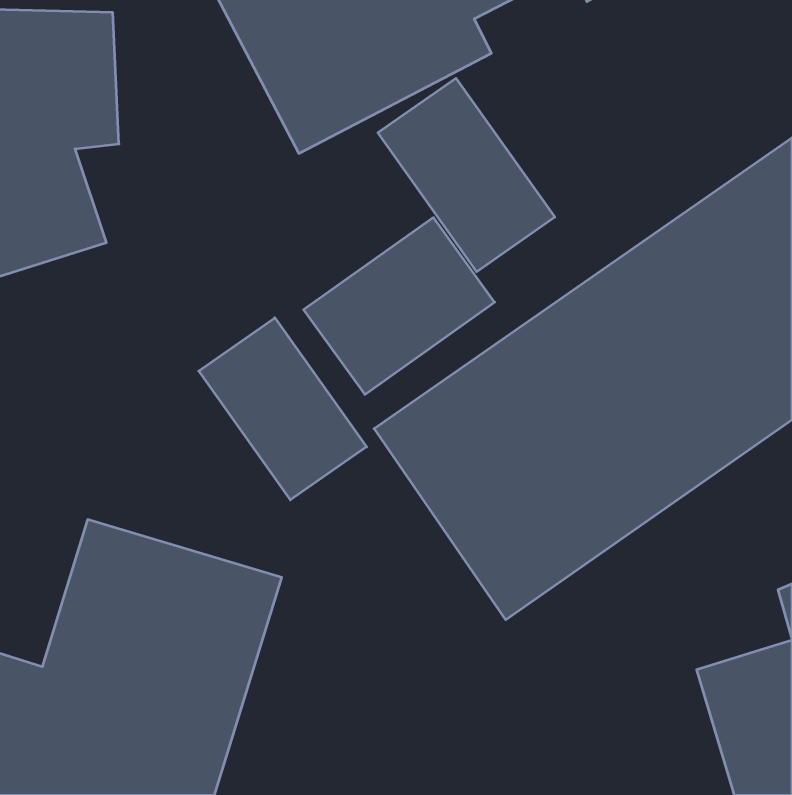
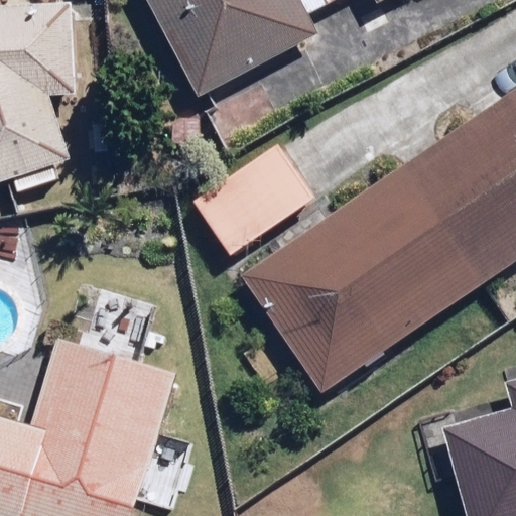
building: [378,78,555,272] -> none
building: [199,318,367,500] -> none

